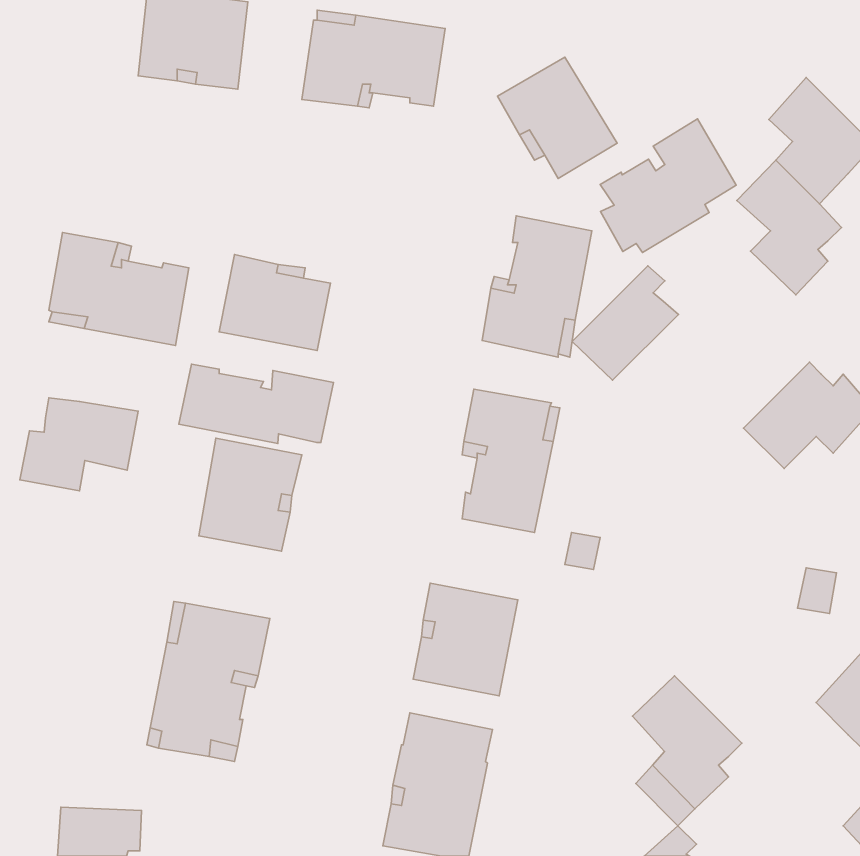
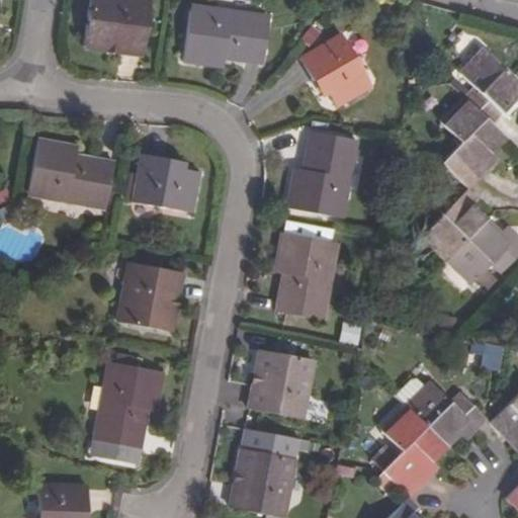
building: [600,119,736,252] -> none
building: [572,266,678,380] -> [423,188,487,257]
building: [179,364,333,443] -> none
building: [20,398,138,491] -> none
building: none -> [406,382,486,446]

